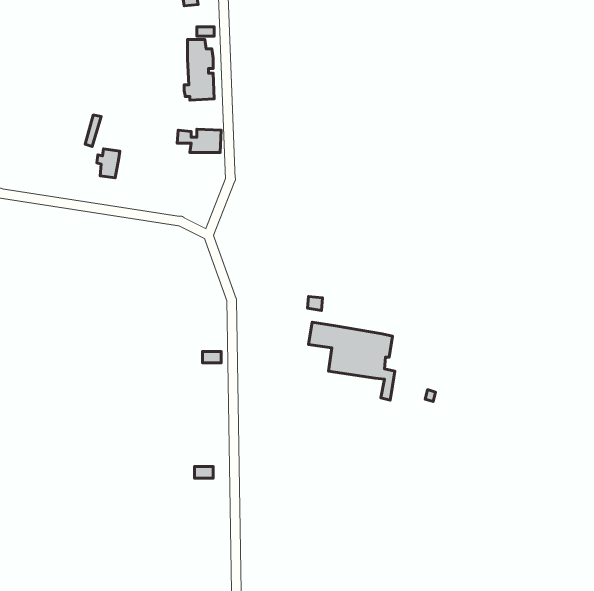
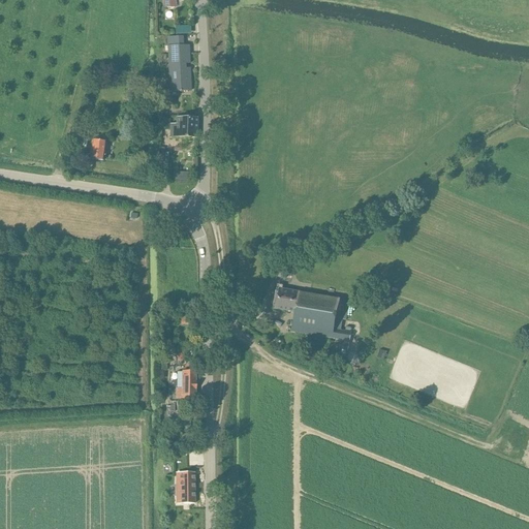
building: none -> [176,369,195,397]
building: none -> [176,470,195,501]

